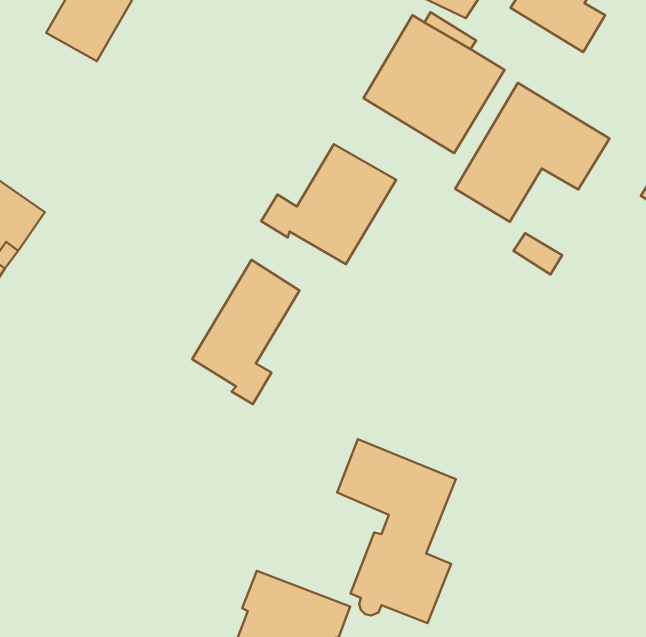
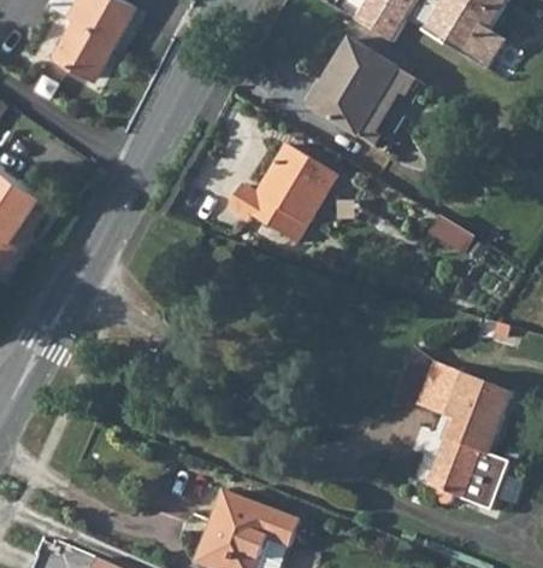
building: [455,83,610,222] -> none
building: [192,260,300,404] -> none
building: [337,439,456,623] -> [414,359,510,509]

